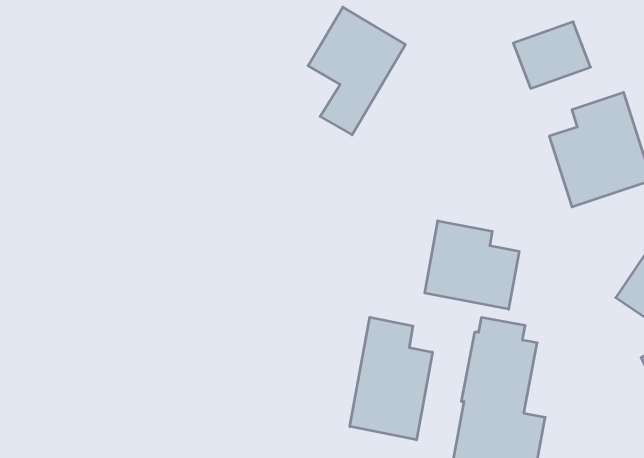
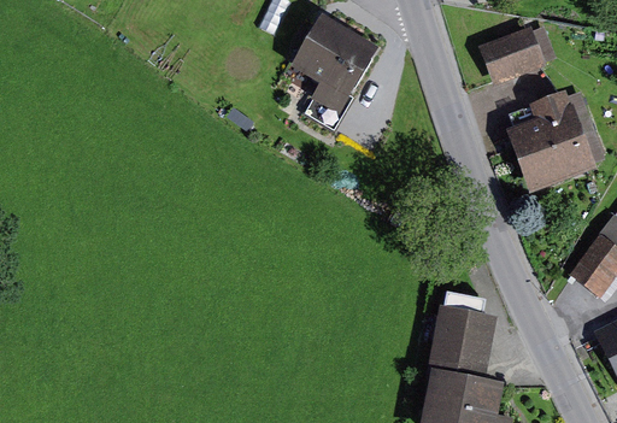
building: [425,221,519,309] -> none
building: [350,317,432,440] -> none

